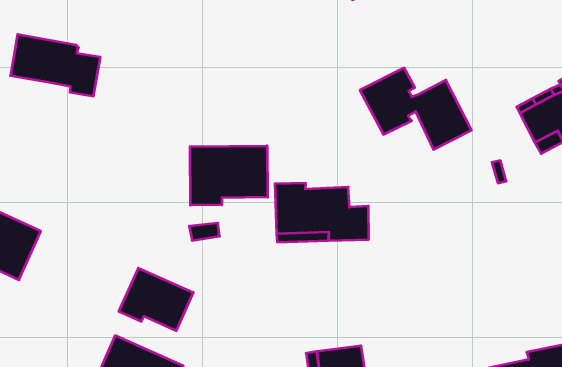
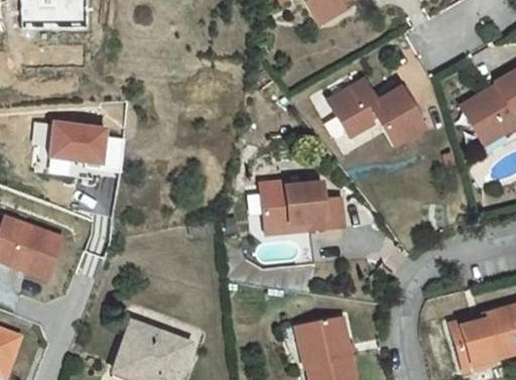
building: [10,34,100,96] -> [49,123,125,171]
building: [190,146,268,205] -> none
building: [119,268,193,331] -> none

